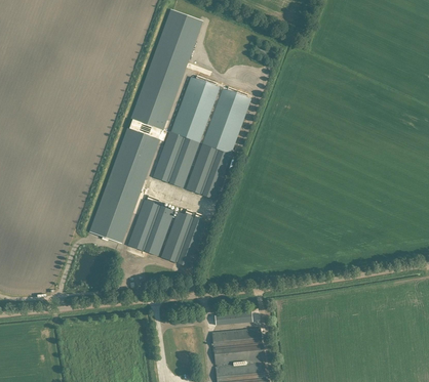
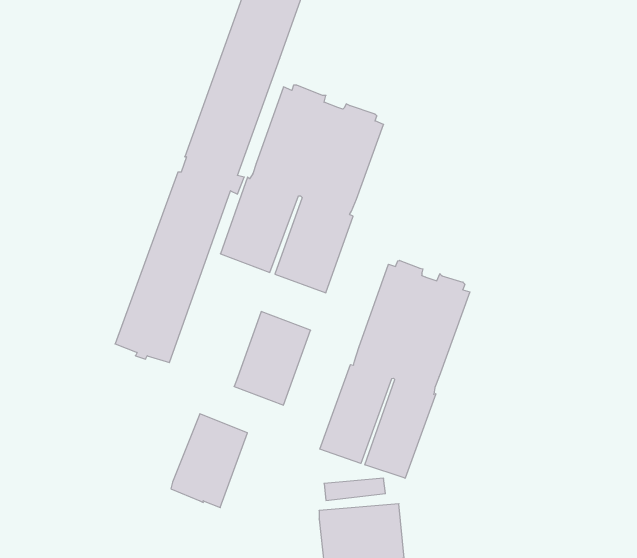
building: none -> [320,260,470,478]
building: [127,200,173,256] -> [171,414,247,508]

